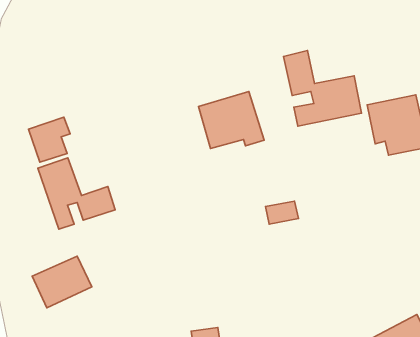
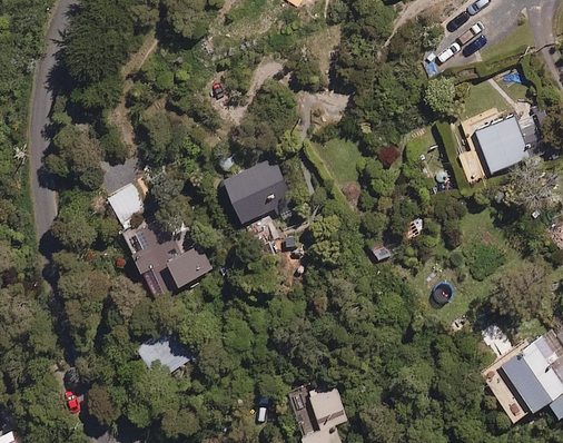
building: [284,51,362,126] -> none
building: [198,92,264,148] -> [220,158,295,224]

